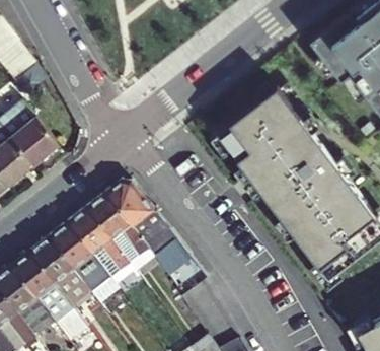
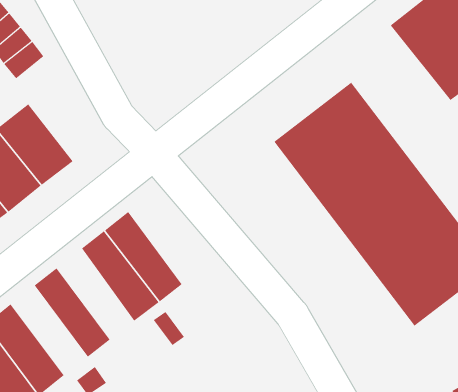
building: [102,181,186,274] -> none
building: [46,220,106,292] -> none
building: [9,250,70,321] -> none

